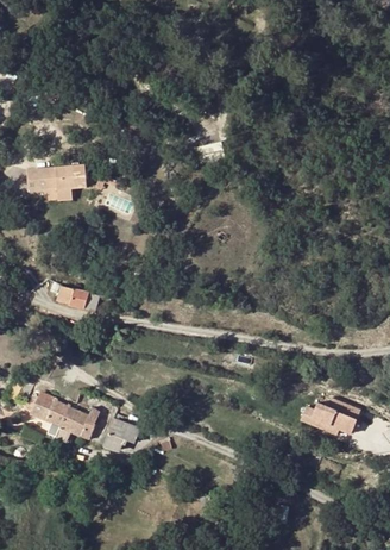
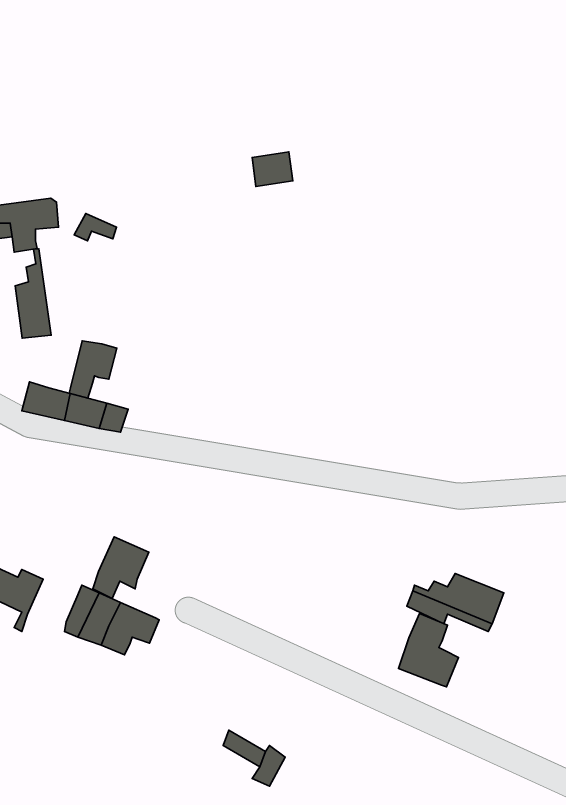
building: none -> [15,249,51,338]
building: none -> [69,341,117,398]
building: [54,404,88,442] -> [93,537,149,599]
building: none -> [399,614,459,687]

